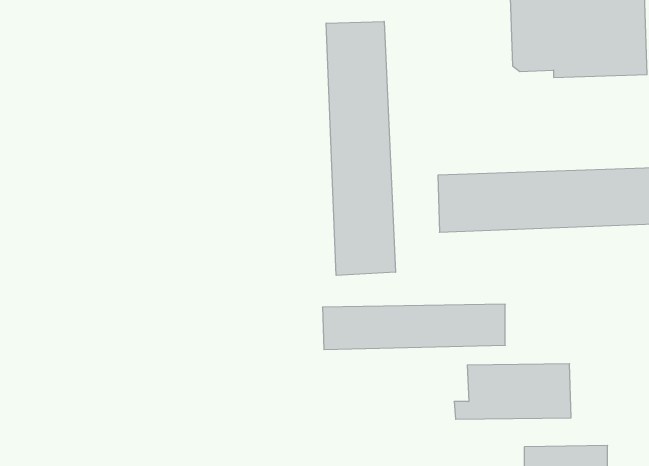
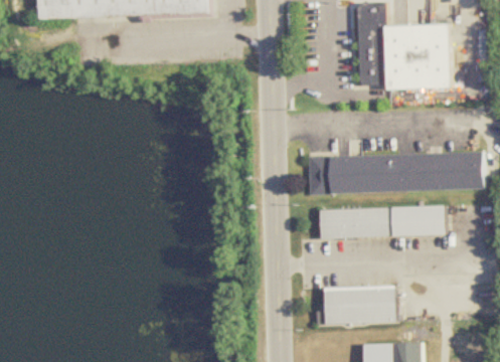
building: [326,21,396,275] -> none
building: [322,304,505,350] -> [321,206,447,237]

